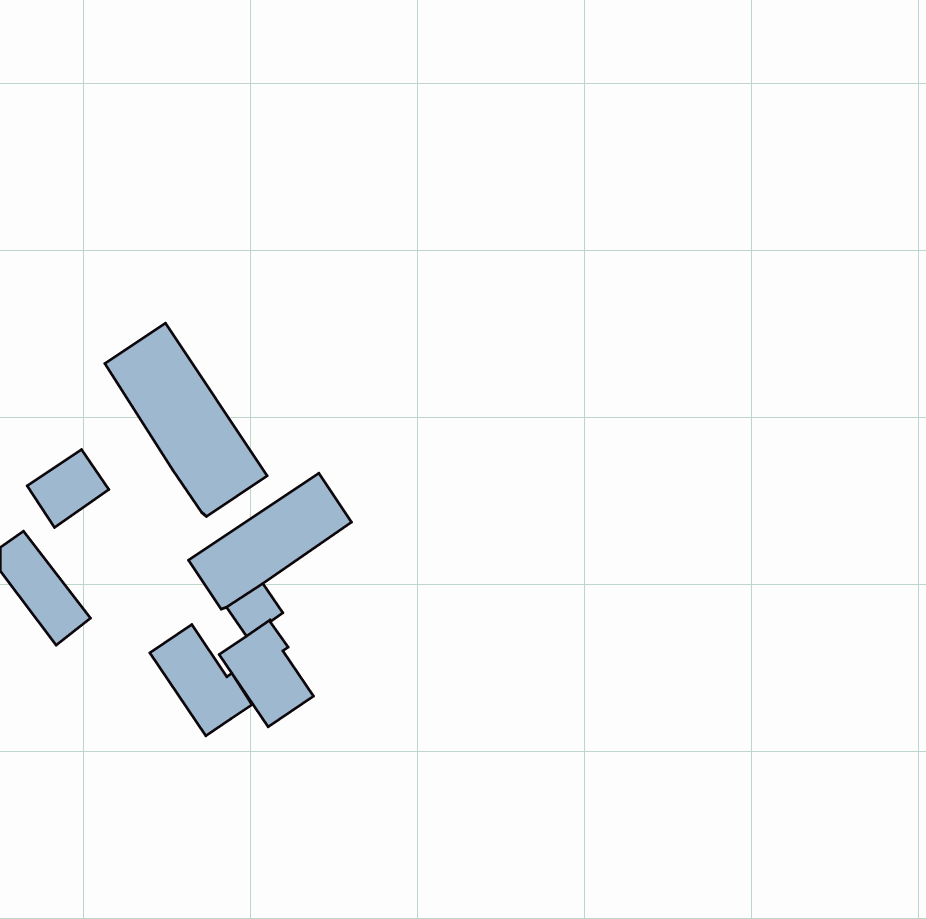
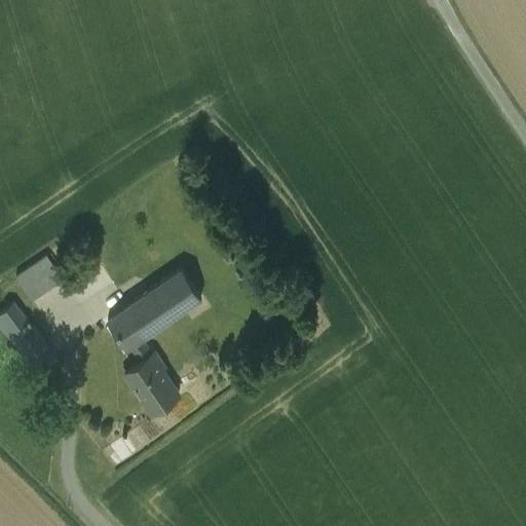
building: [105,323,267,516] -> none
building: [150,625,253,736] -> none

